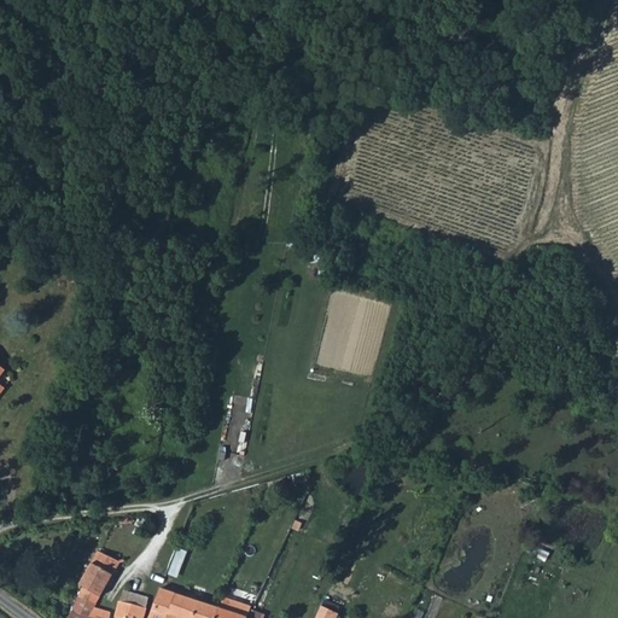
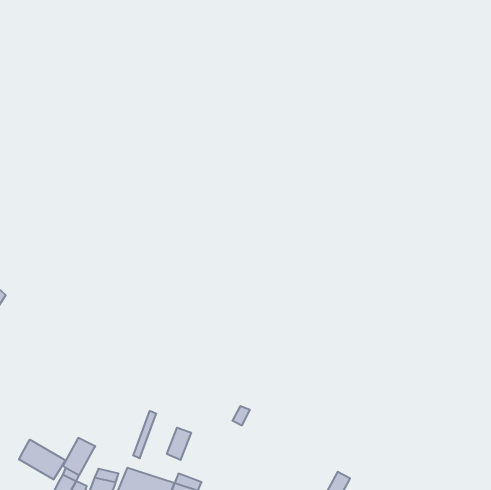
building: none -> [167,428,191,460]
building: none -> [19,440,66,480]

